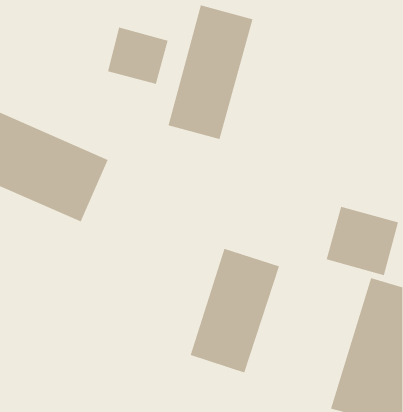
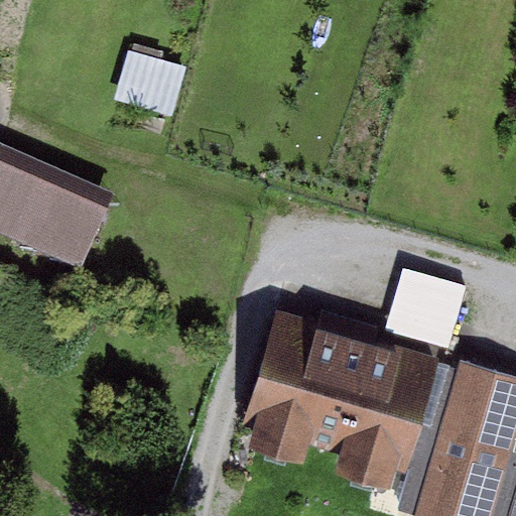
building: [168,4,253,140] -> none
building: none -> [304,334,416,489]

